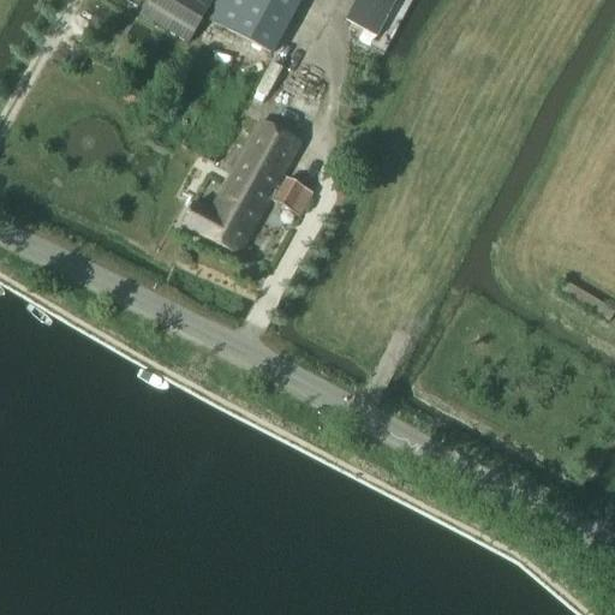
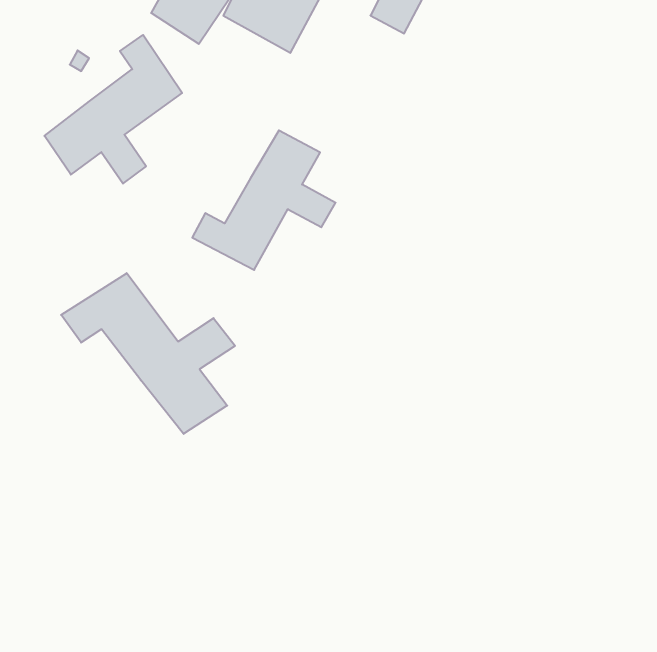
building: none -> [44,35,182,184]
building: none -> [61,273,235,434]

